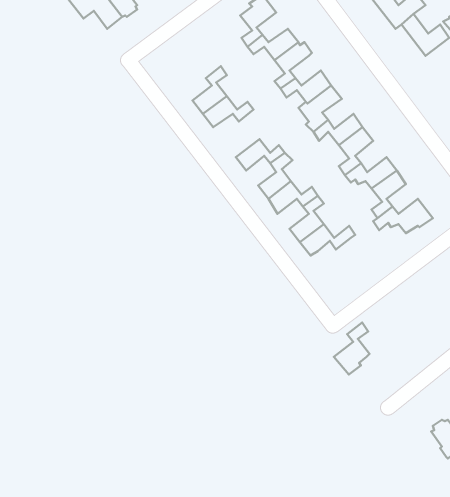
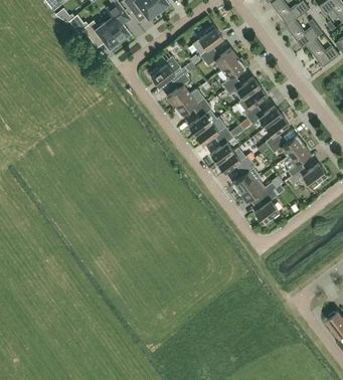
building: none -> [149,64,188,87]
building: none -> [188,104,215,136]
building: [334,322,370,375] -> [253,190,278,225]

